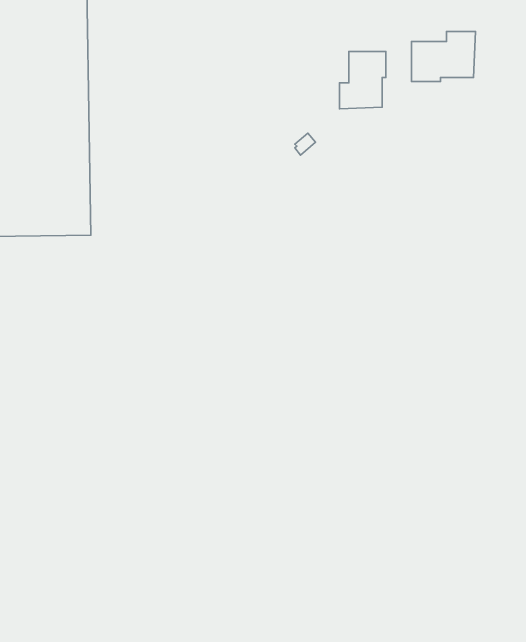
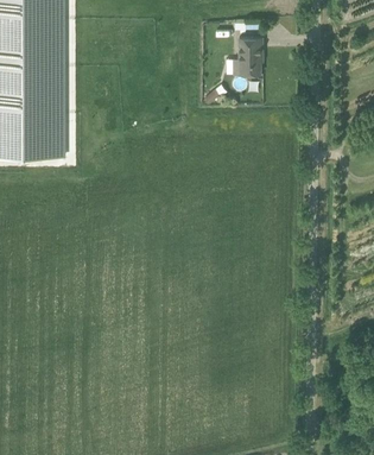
building: [411,32,476,81] -> none

